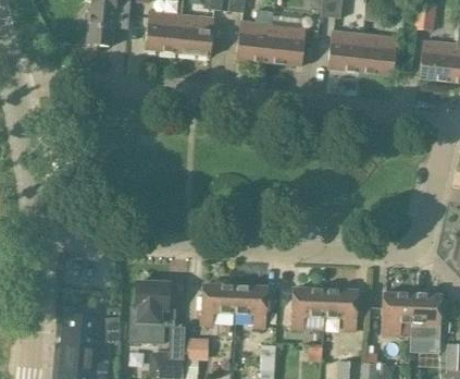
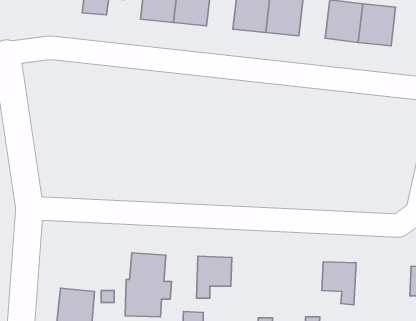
building: [234,284,268,327] -> none
building: [290,286,325,329] -> none
building: [381,292,412,335] -> none

